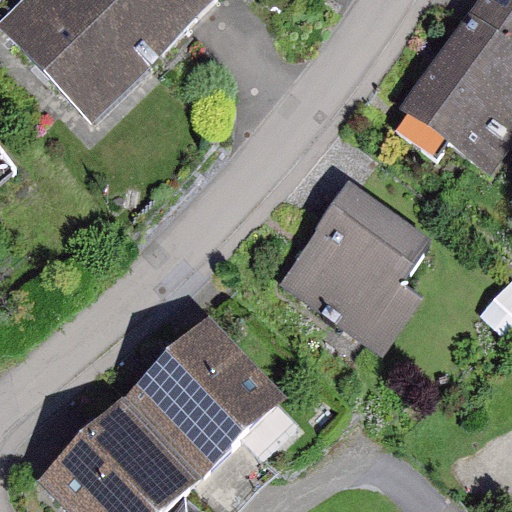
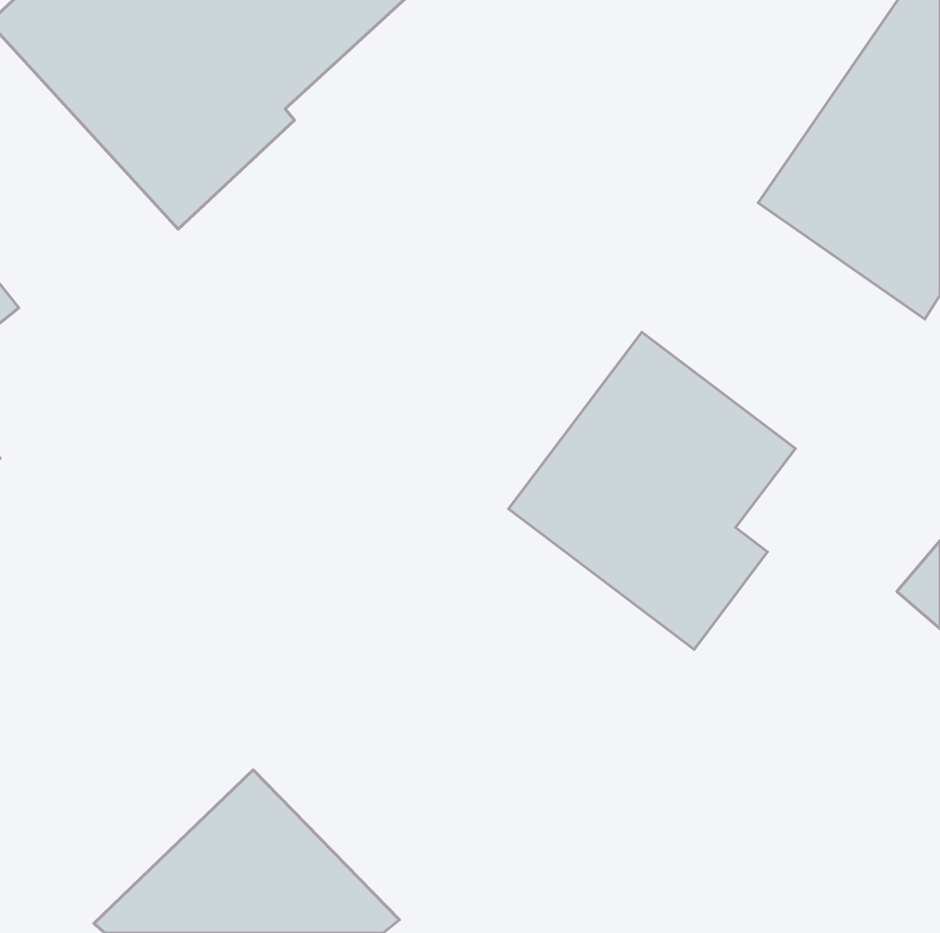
building: [135,332,295,490] -> none

